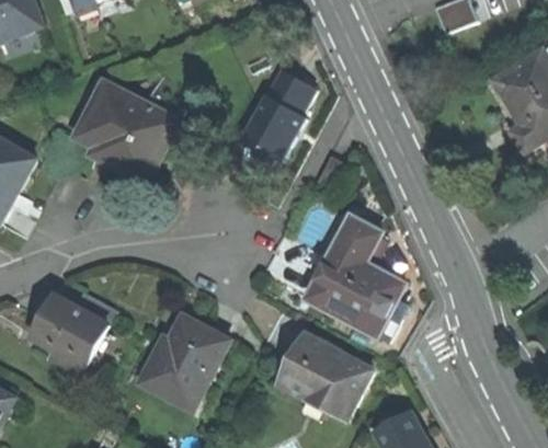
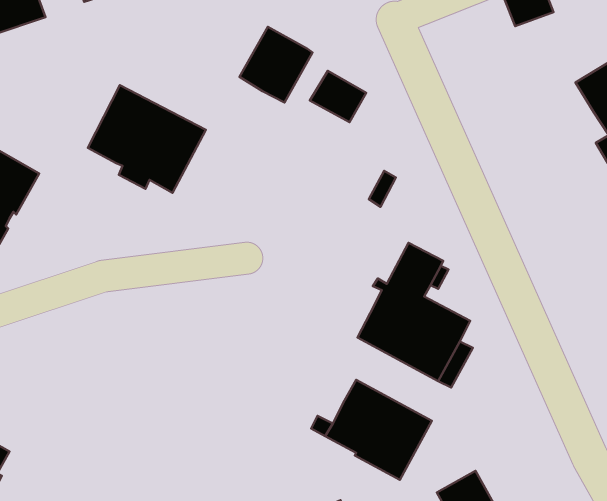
building: [242,94,305,159] -> [239,27,313,103]
building: [33,295,107,372] -> none
building: [140,314,228,403] -> none

